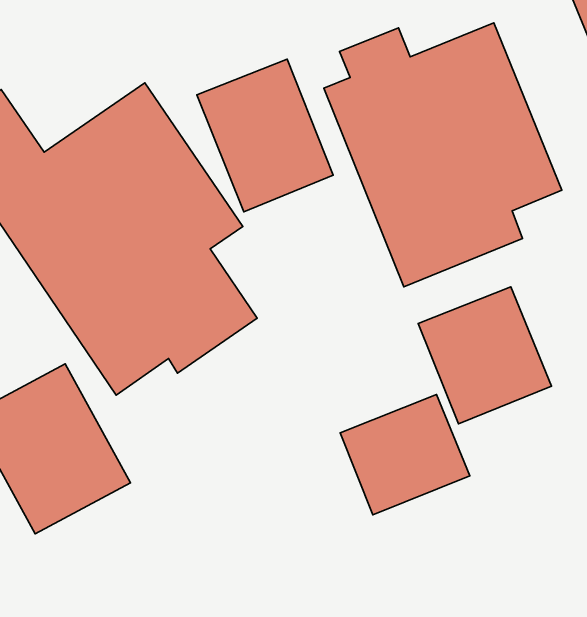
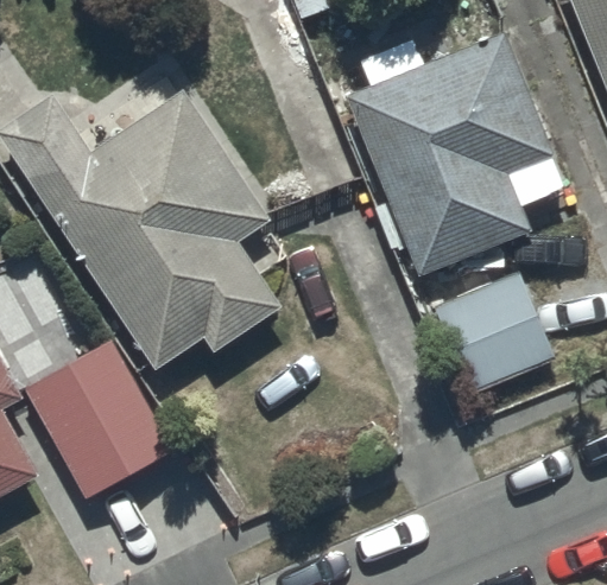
building: [197,59,333,212] -> none
building: [340,395,470,515] -> none

